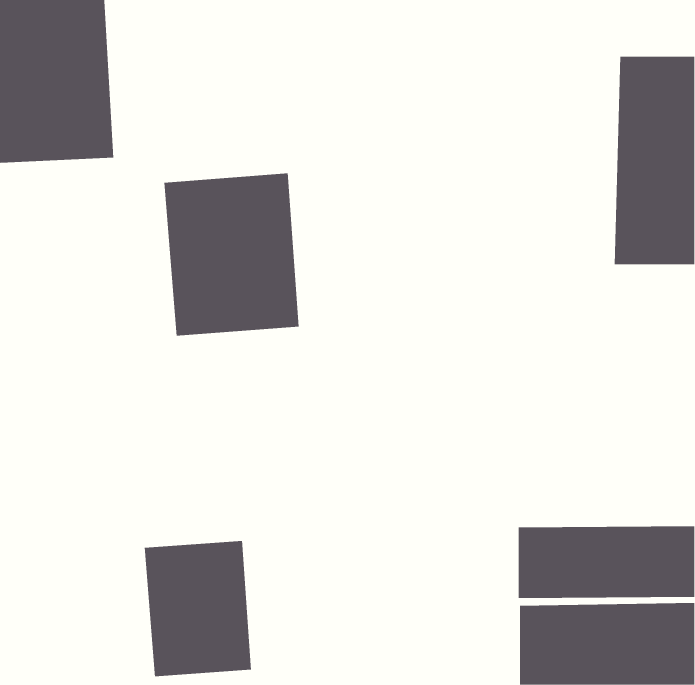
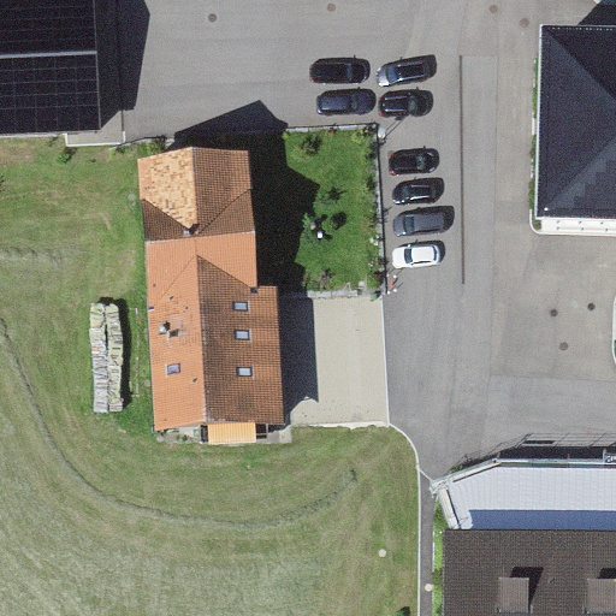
building: none -> [147,285,284,427]
building: [144,540,252,677] -> none

